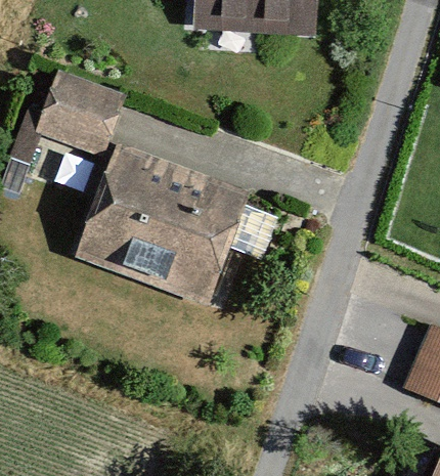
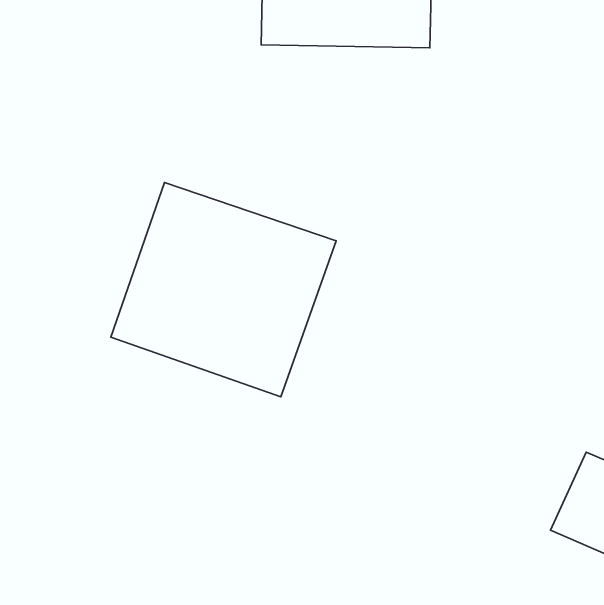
building: [41,71,122,148] -> none

